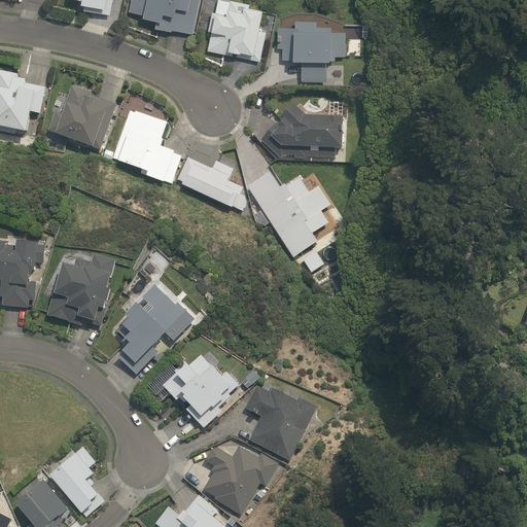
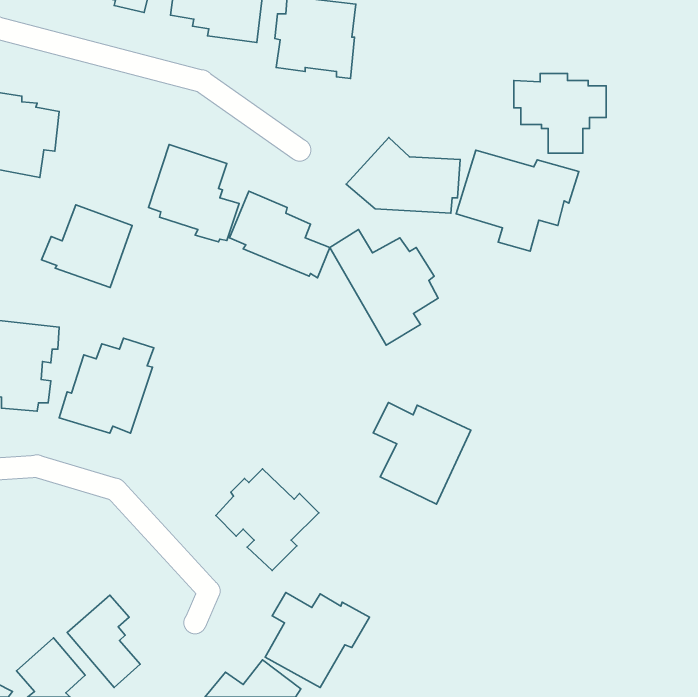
building: [275,21,344,80] -> [514,73,606,153]
building: [46,87,114,149] -> [42,205,132,287]
building: none -> [456,150,579,251]
building: [113,284,191,373] -> none
building: [241,384,314,460] -> [373,403,471,504]

